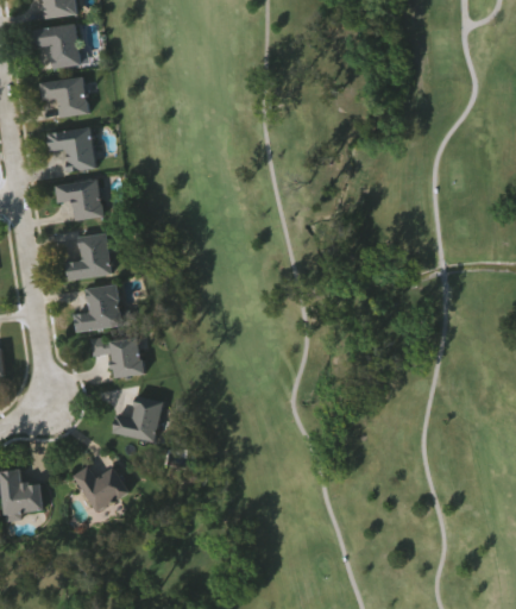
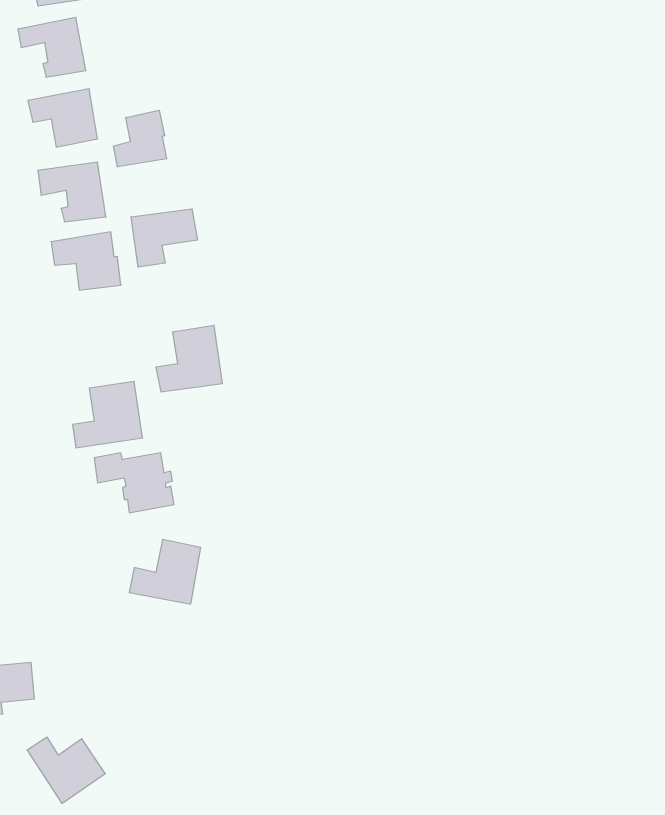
building: none -> [113,110,167,167]
building: none -> [131,209,198,267]
building: [65,233,113,281] -> [156,325,222,392]
building: [75,467,131,515] -> [27,737,105,804]

